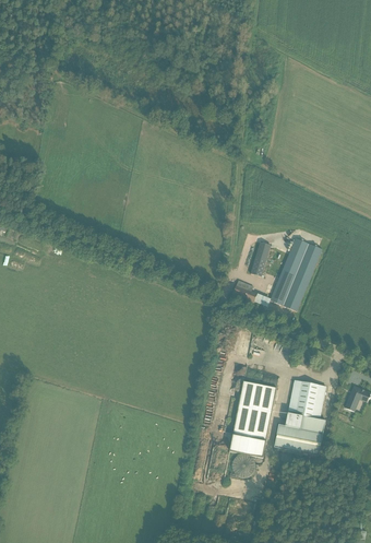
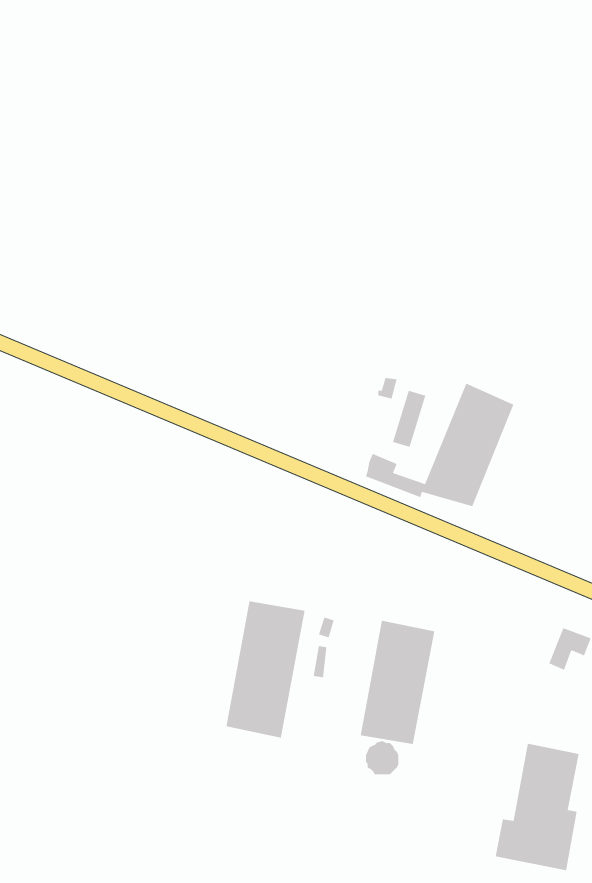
building: none -> [226,600,305,738]
building: [274,378,325,456] -> [495,743,579,871]

